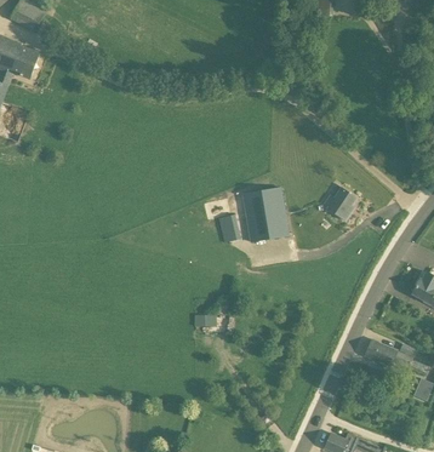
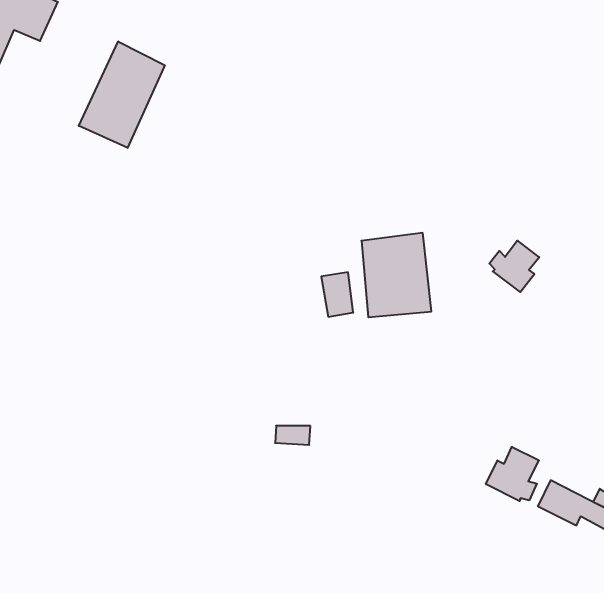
building: none -> [79,41,165,148]
building: none -> [486,447,539,501]

